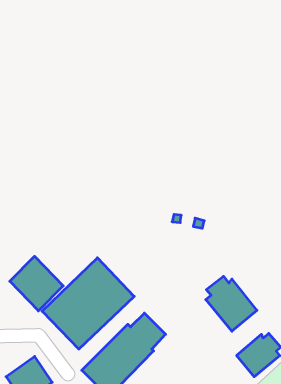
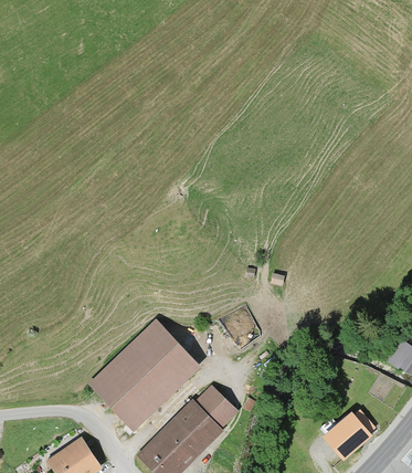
building: [10,256,63,311] -> none
building: [206,276,257,331] -> none

